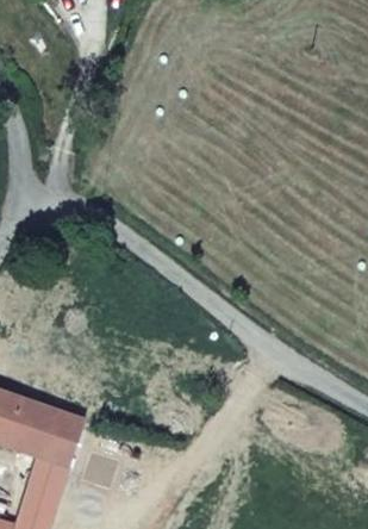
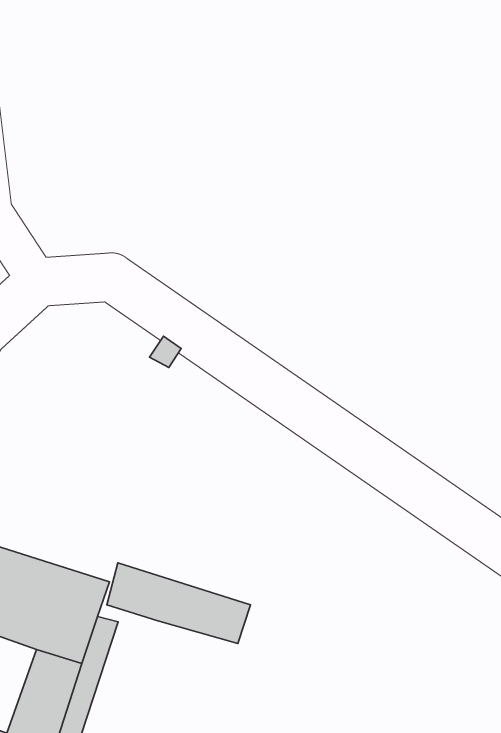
building: none -> [107,563,251,644]

